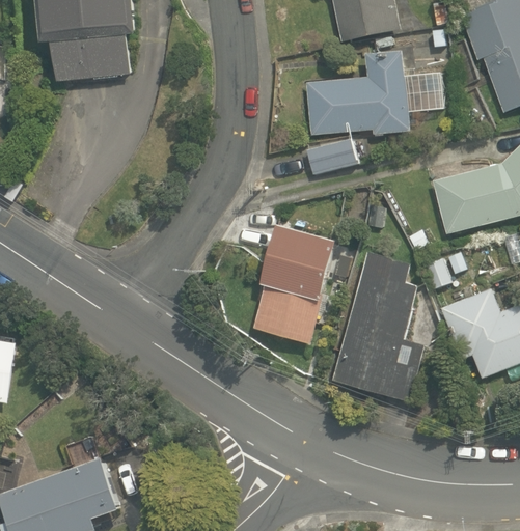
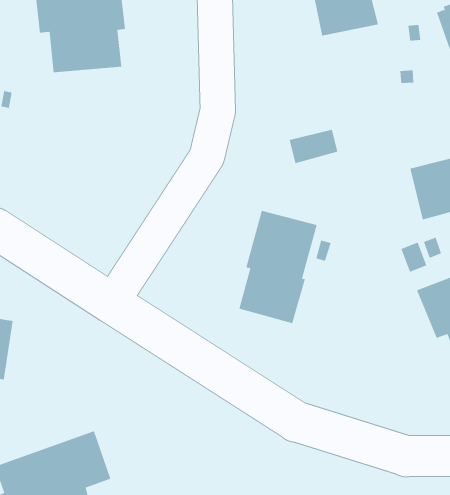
building: [306,52,410,136] -> none
building: [332,252,425,401] -> none

